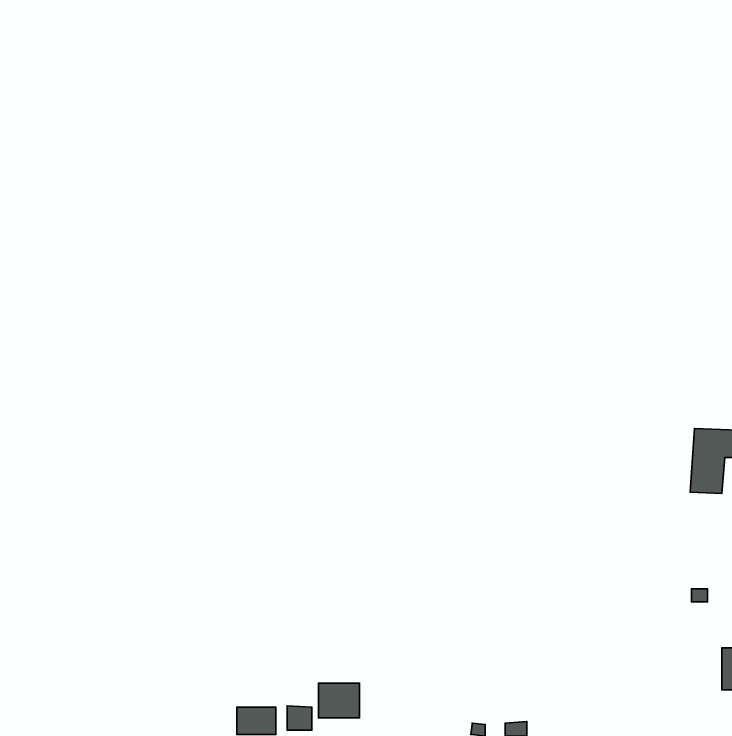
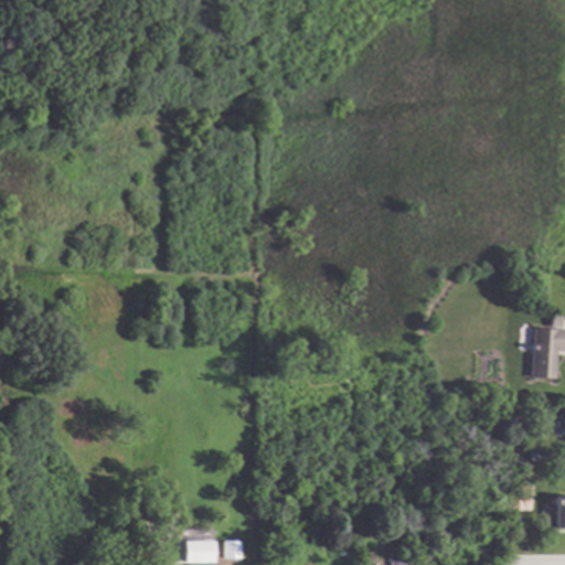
building: [318,683,360,718] -> none

